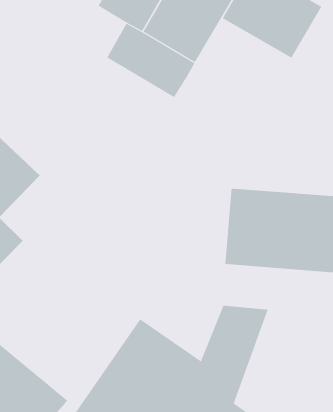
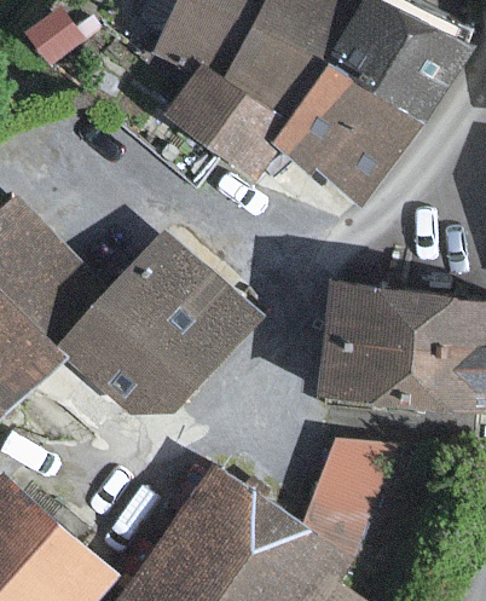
building: none -> [277,59,420,196]
building: none -> [60,237,258,417]

